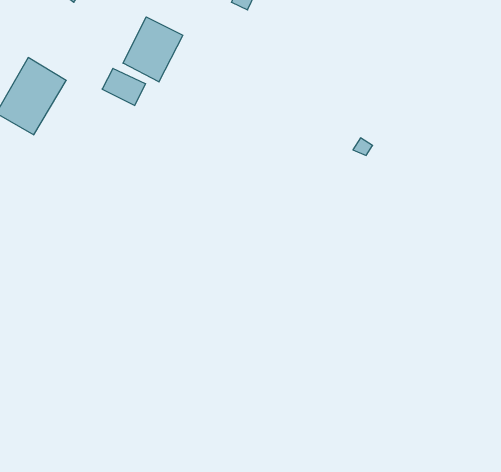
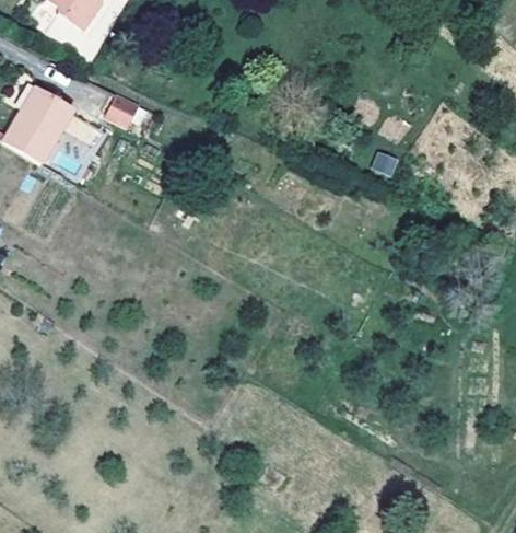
building: [123,17,183,82] -> none

